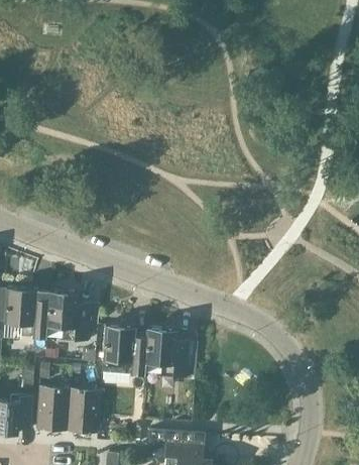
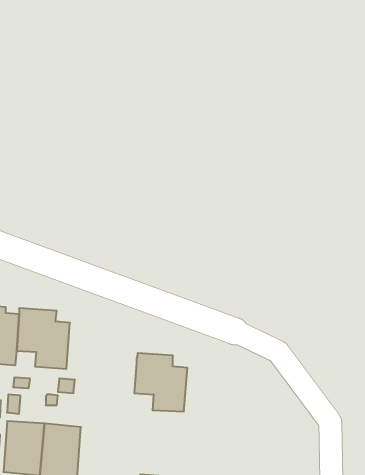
building: [101,327,145,375] -> none

